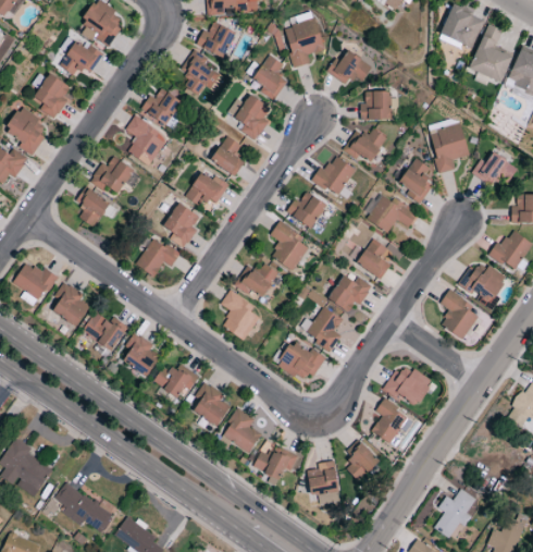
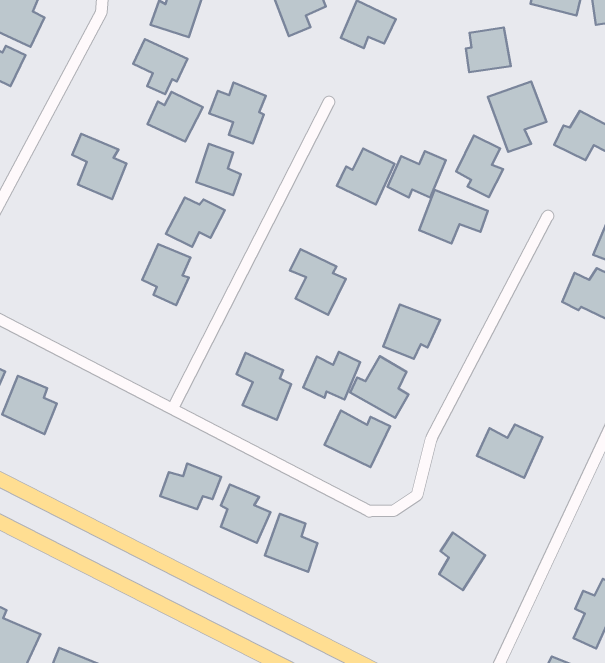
building: [252,54,288,101] -> none
building: [141,88,183,125] -> [148,92,203,142]
building: [361,91,392,120] -> [466,28,511,72]
building: [343,128,387,162] -> [387,151,446,198]
building: [90,157,134,194] -> none
building: [76,187,110,228] -> none
building: [286,193,326,228] -> none
building: [136,236,179,277] -> none
building: [357,237,392,279] -> none
building: [235,263,278,298] -> [303,352,360,400]
building: [441,290,479,340] -> none
building: [82,311,125,352] -> none
building: [123,332,161,377] -> none
building: [372,398,409,444] -> none
building: [253,444,297,479] -> none
building: [308,461,338,504] -> none

